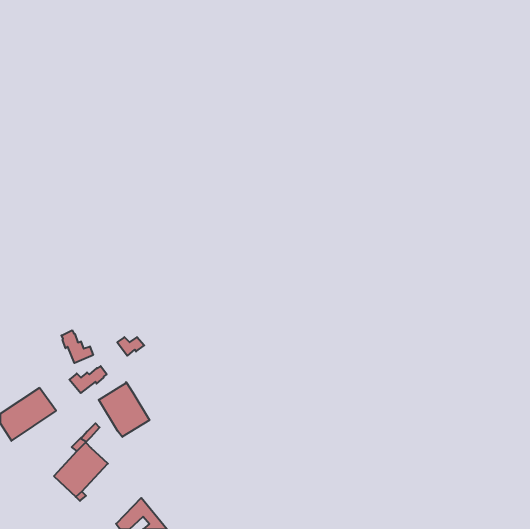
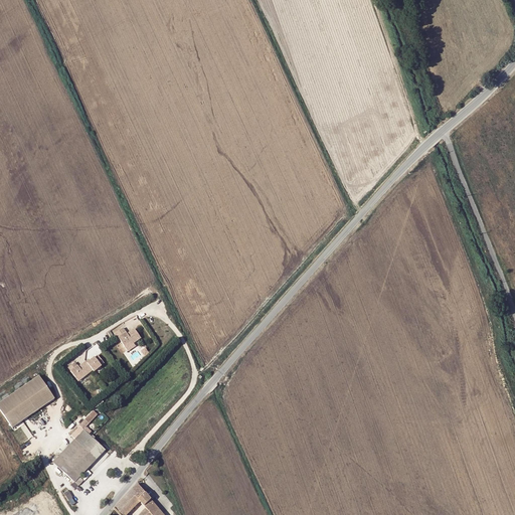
building: [61,330,93,363] -> none
building: [99,382,149,437] -> none

